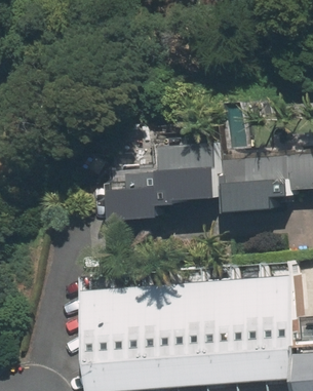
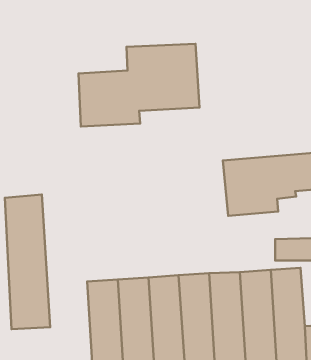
building: [102,142,219,222] -> [79,44,200,127]
building: none -> [5,195,50,329]

